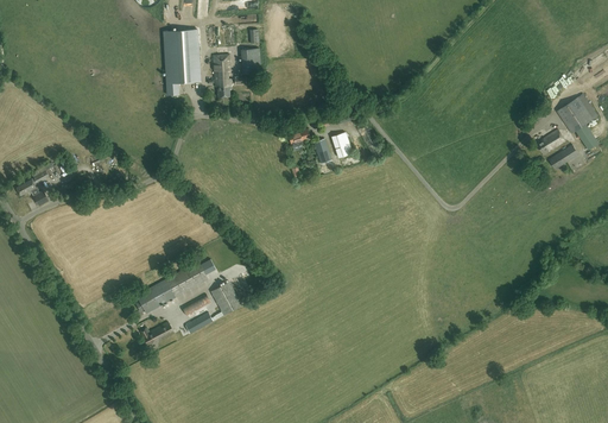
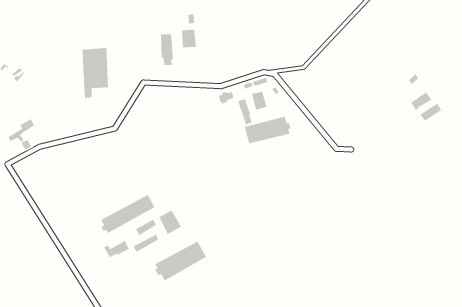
building: [164,29,200,95] -> [81,47,109,99]
building: [557,94,598,150] -> none
building: none -> [244,116,292,144]
building: none -> [154,240,207,281]

